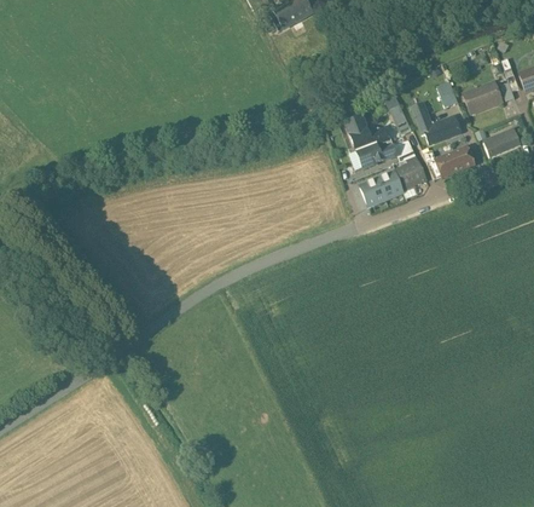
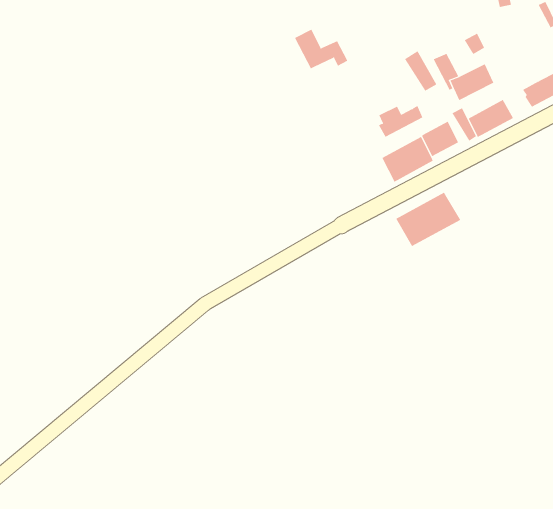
building: [463,80,501,113] -> none
building: [346,115,389,149] -> [294,29,348,69]
building: none -> [395,192,462,247]

